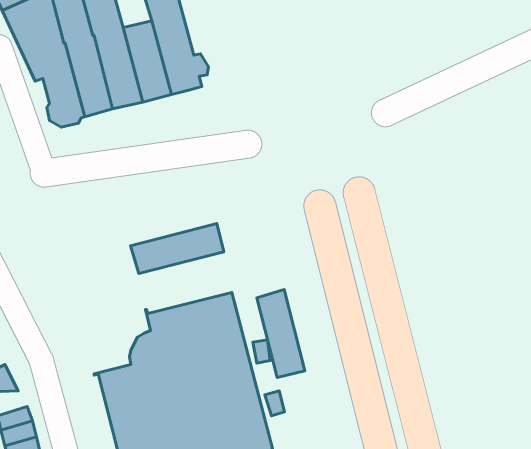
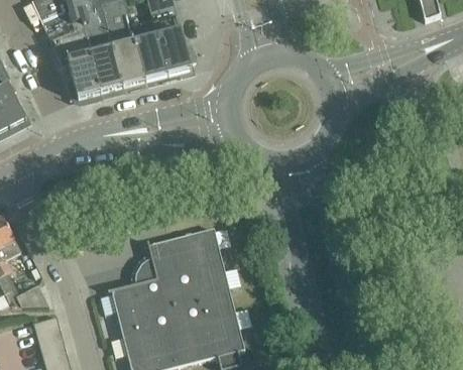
building: [130,223,224,273] -> none
building: [257,290,305,378] -> none

